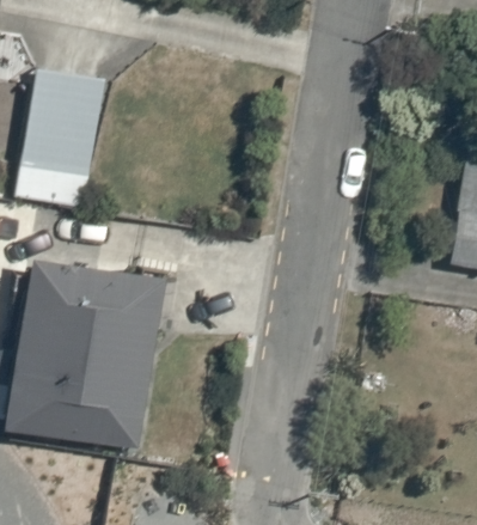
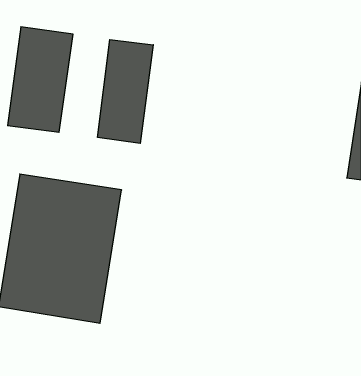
building: none -> [98,40,153,143]

